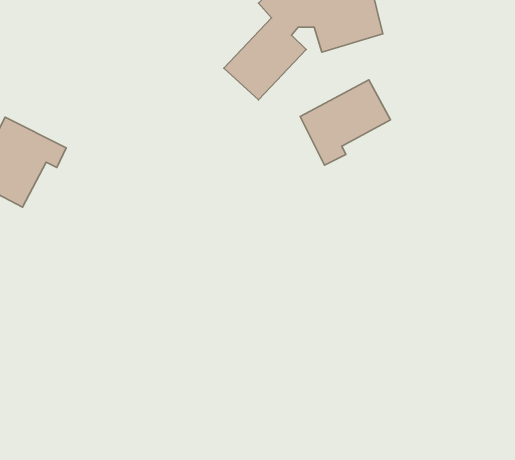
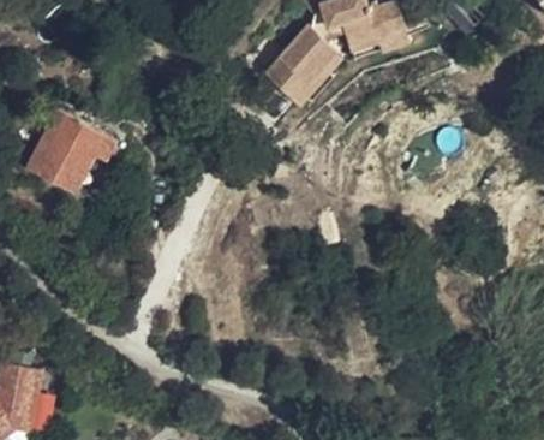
building: [300,80,391,165] -> none

